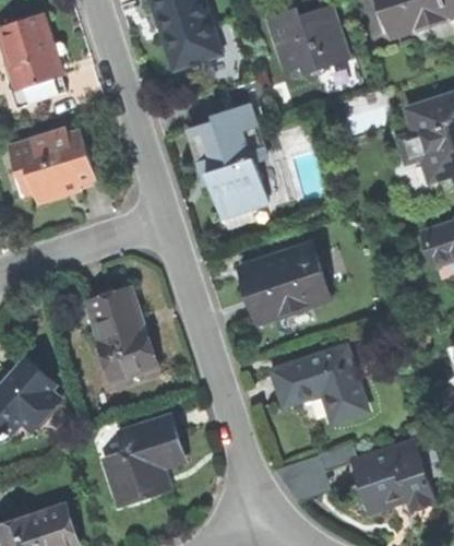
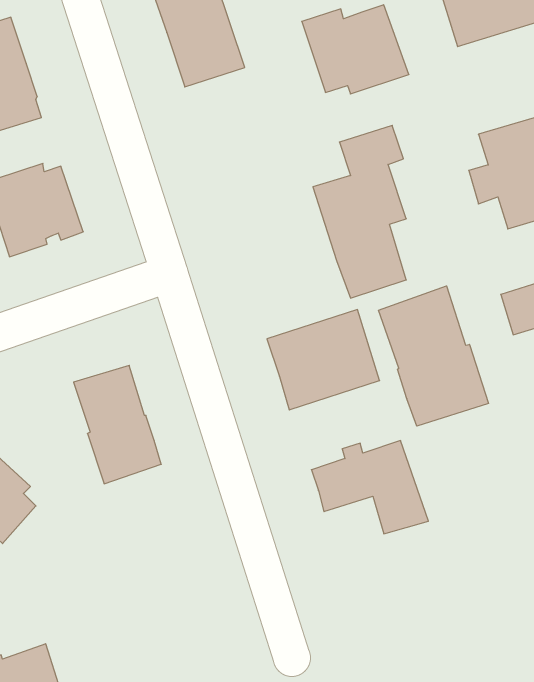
building: [194,81,267,216] -> [313,125,406,298]
building: none -> [378,286,489,426]
building: [105,417,182,503] -> none
building: [319,441,433,515] -> none

